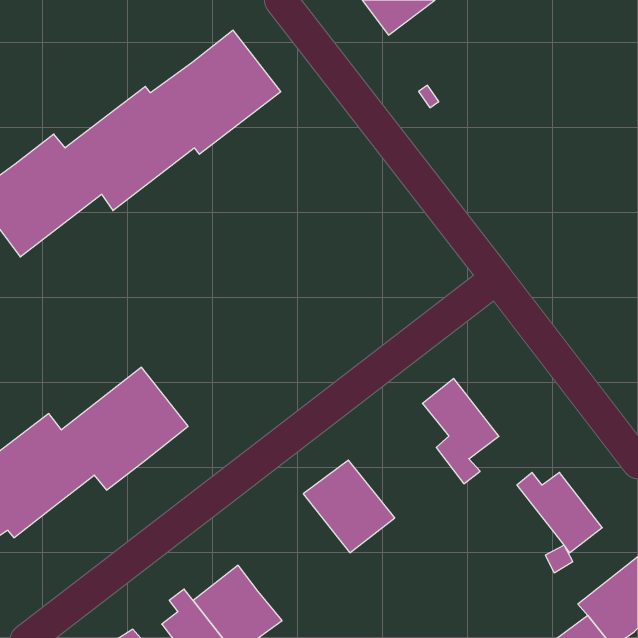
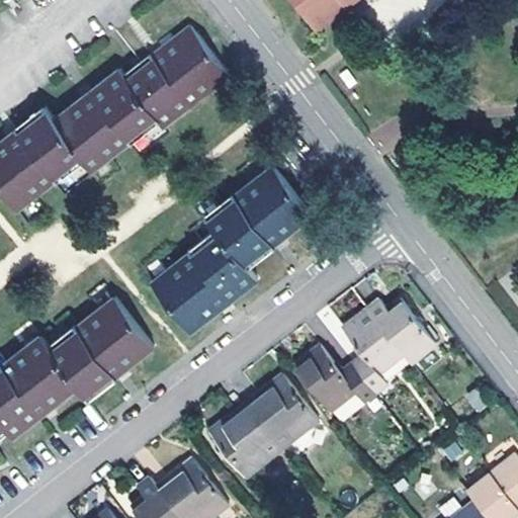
building: none -> [153,167,310,330]
building: none -> [293,343,374,411]
building: [517,472,602,553] -> [366,297,435,362]
building: none -> [207,401,282,477]

